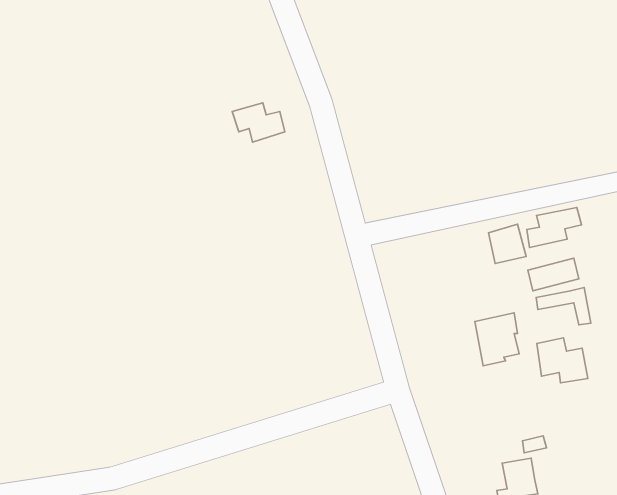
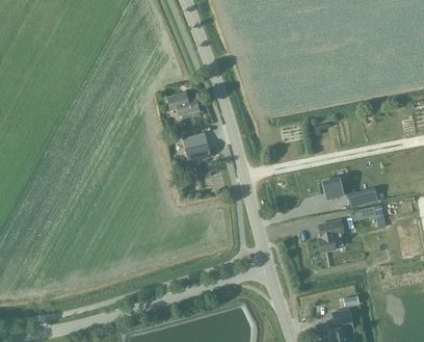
building: none -> [183,134,211,162]
building: [527,208,581,248] -> none
building: [537,338,588,383] -> none

